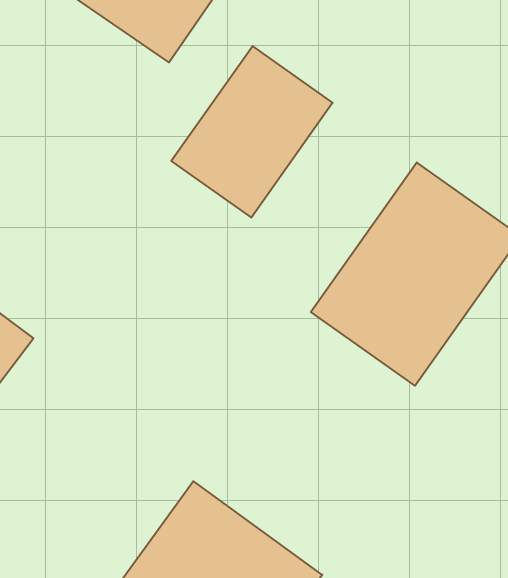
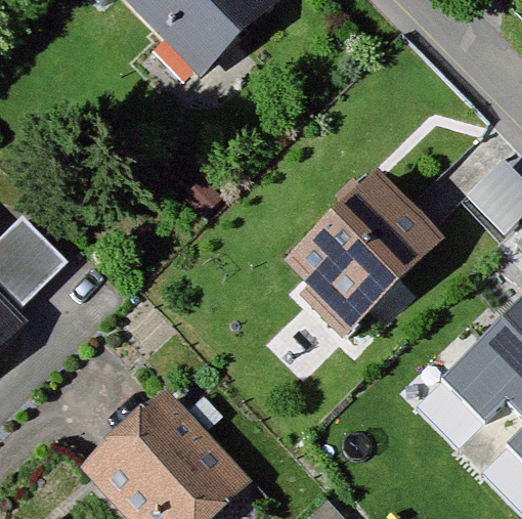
building: [171,46,333,218] -> none

